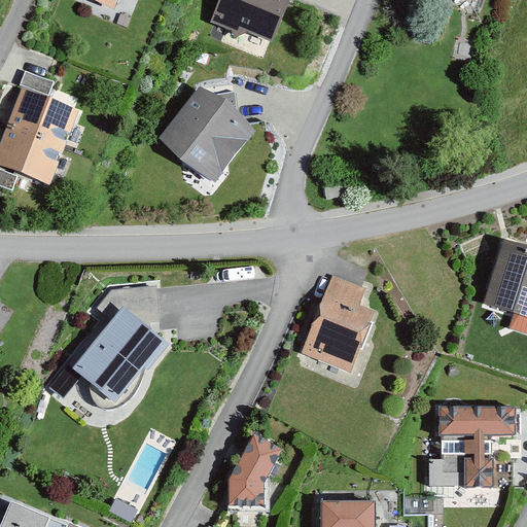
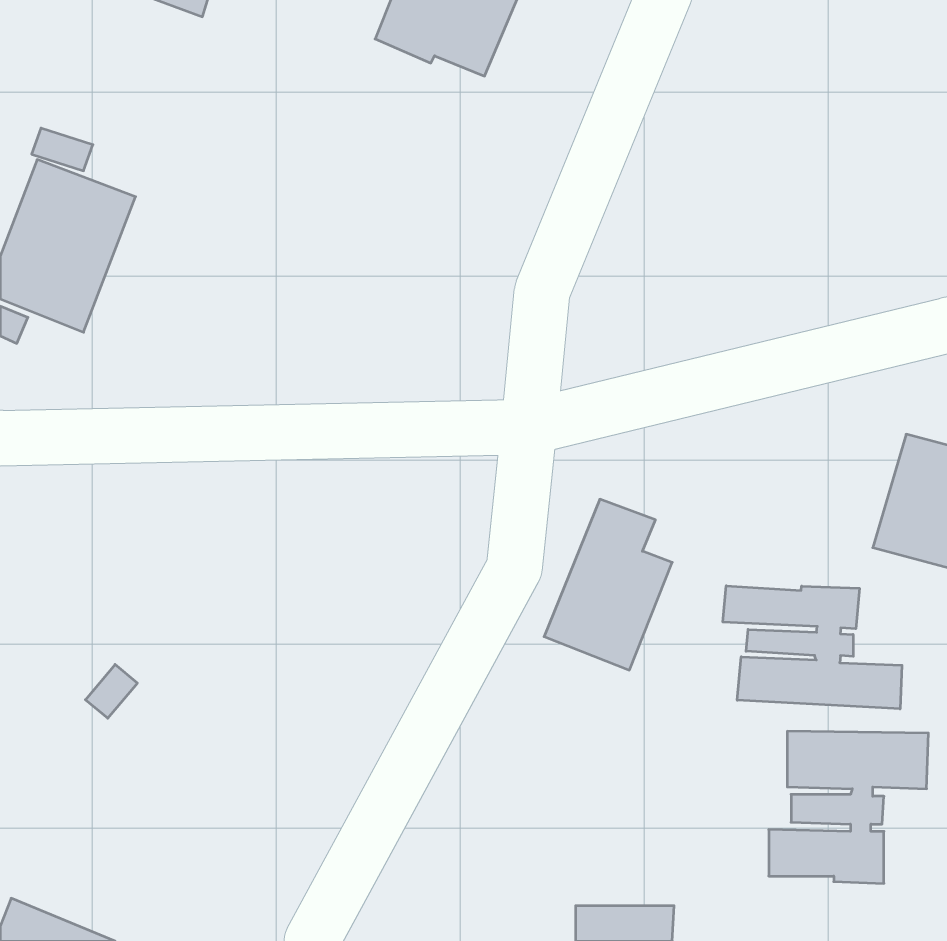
building: [160,87,253,180] -> none
building: [73,287,168,399] -> none
building: none -> [723,586,902,709]
building: [229,435,280,507] -> none

